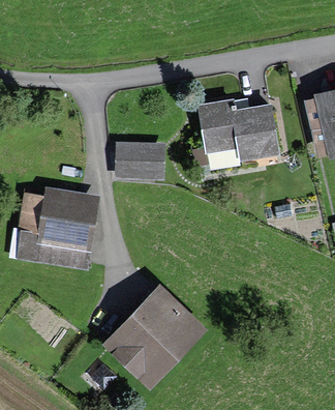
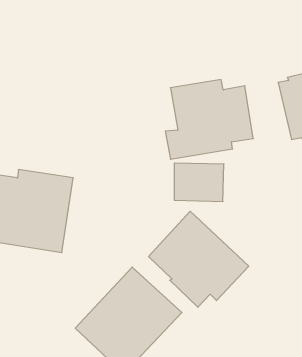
building: [115,141,164,179] -> [174,163,224,201]
building: none -> [149,211,249,307]

